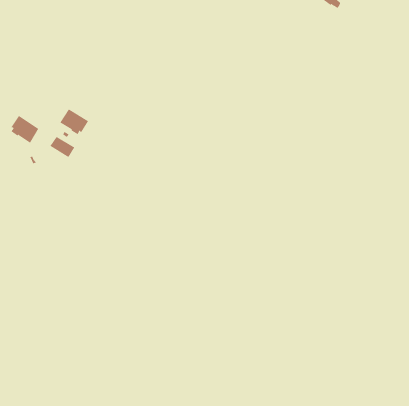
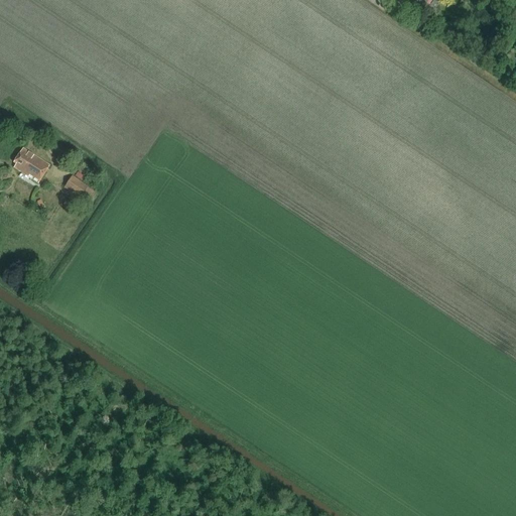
building: [59,108,89,135] -> none

